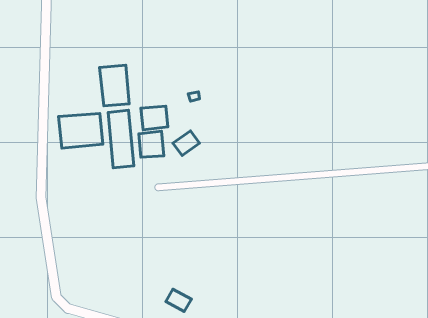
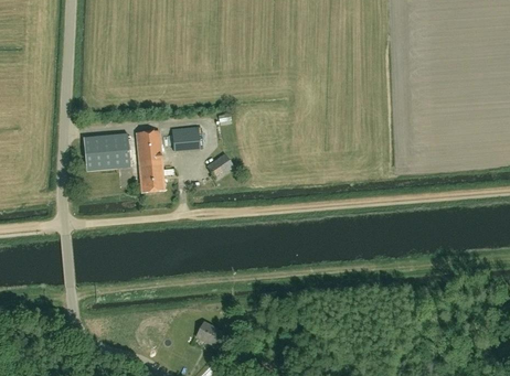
building: [99,65,129,106] -> none
building: [139,131,164,157] -> none

